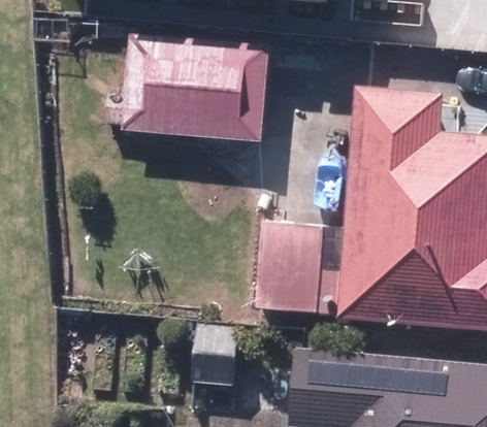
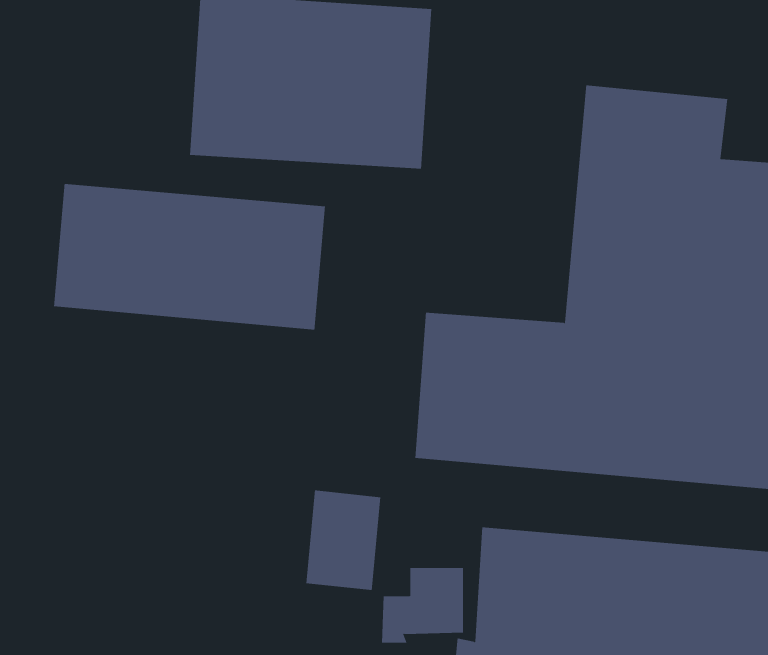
building: none -> [54,183,326,330]

